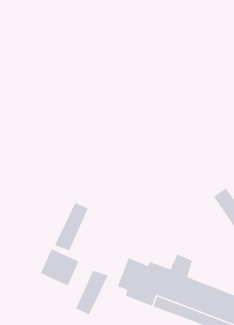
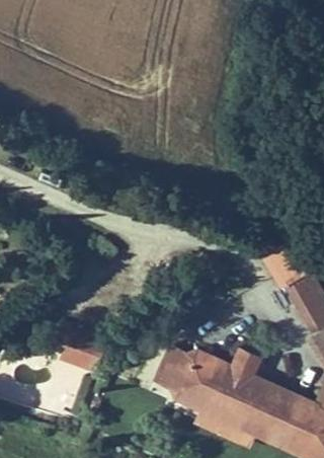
building: [54,202,89,251] -> none
building: [75,270,109,316] -> none

